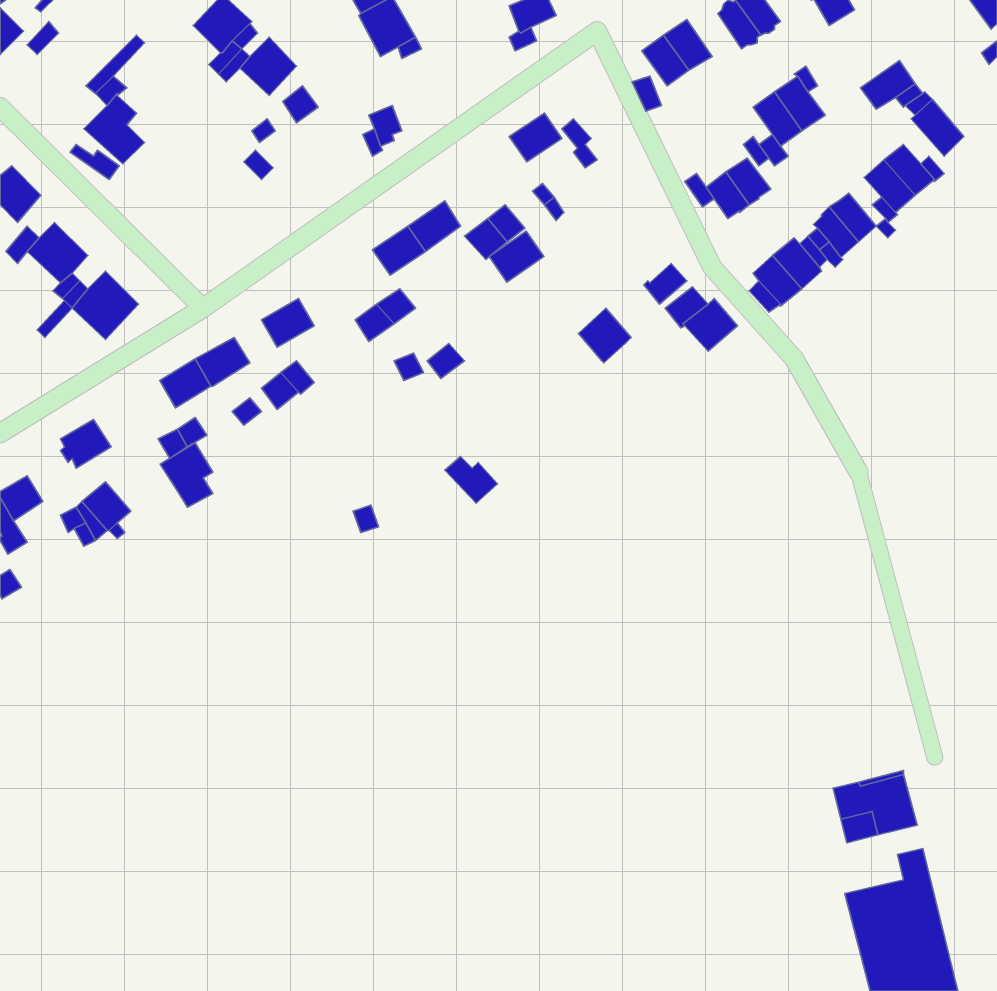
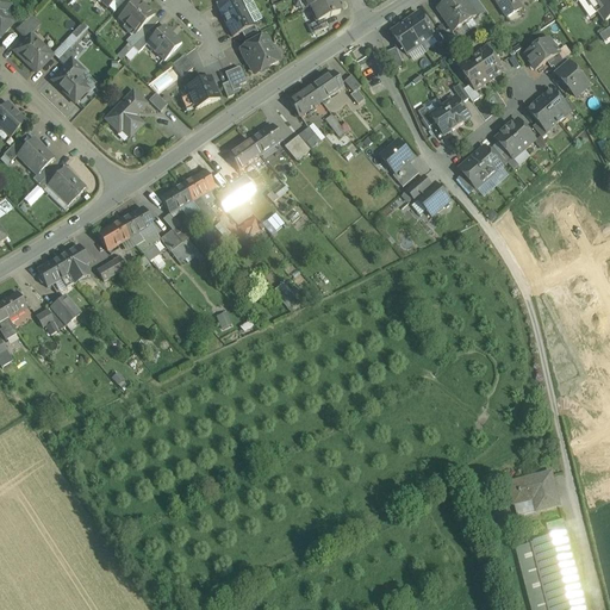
building: none -> [13,31,52,70]
building: none -> [241,35,279,69]
building: none -> [186,74,219,107]
building: none -> [105,89,147,136]
building: [489,231,544,282] -> [288,83,322,114]
building: none -> [182,169,214,207]
building: [579,308,631,363] -> [381,139,413,173]
building: [160,443,213,507] -> [57,243,89,282]

